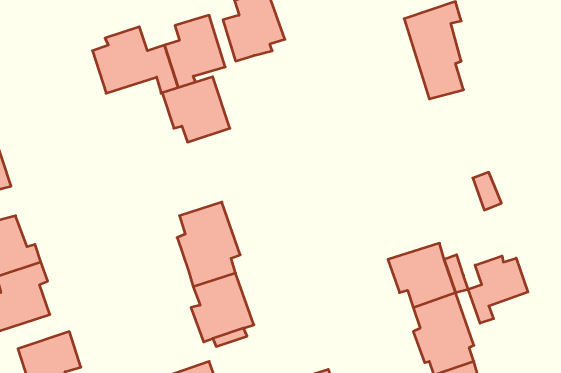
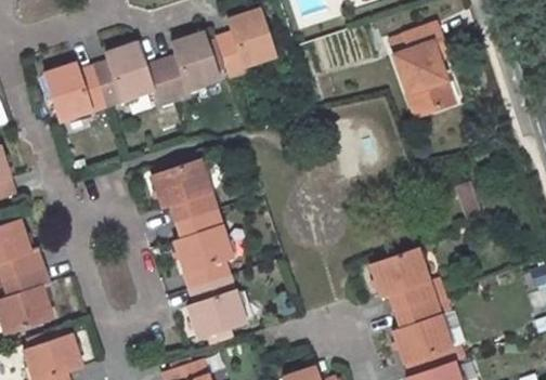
building: none -> [44,63,107,121]
building: [162,77,230,142] -> [153,160,217,222]
building: [468,256,528,323] -> none

